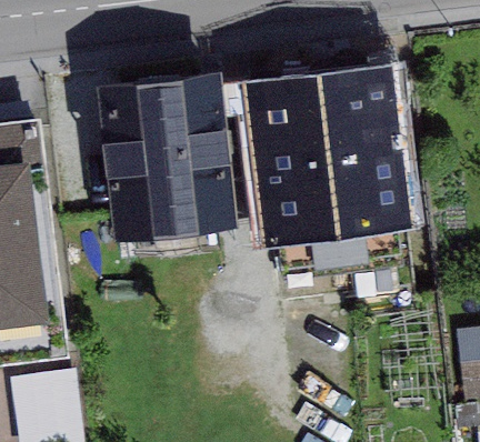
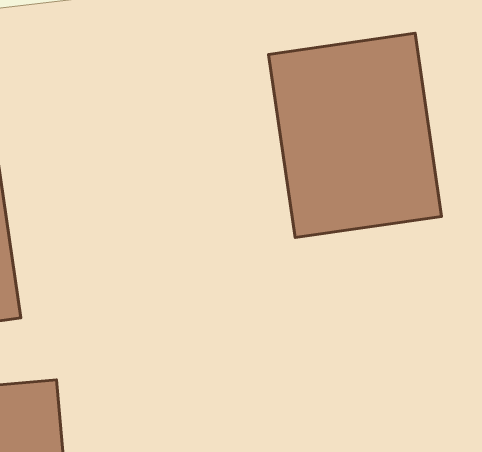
building: [104,90,218,222] -> none

